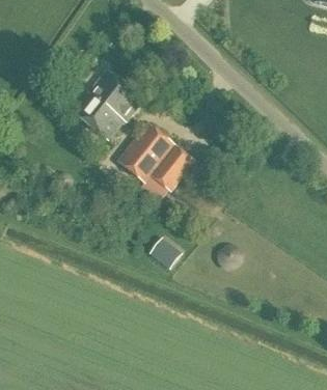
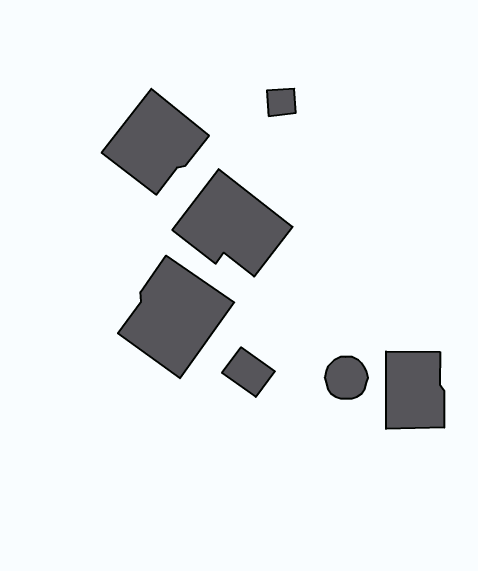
building: none -> [118,256,234,378]
building: none -> [386,351,444,429]

